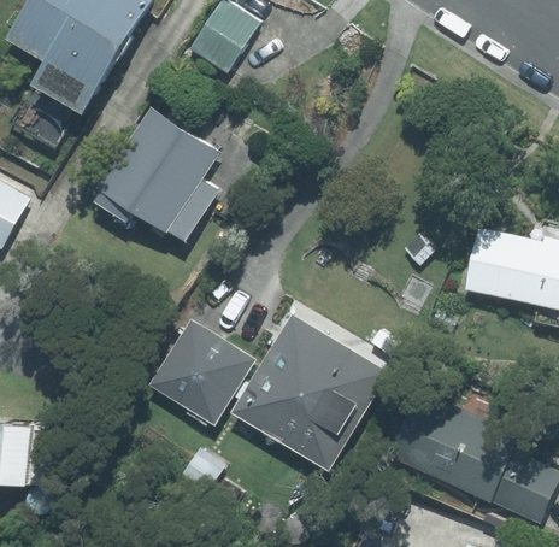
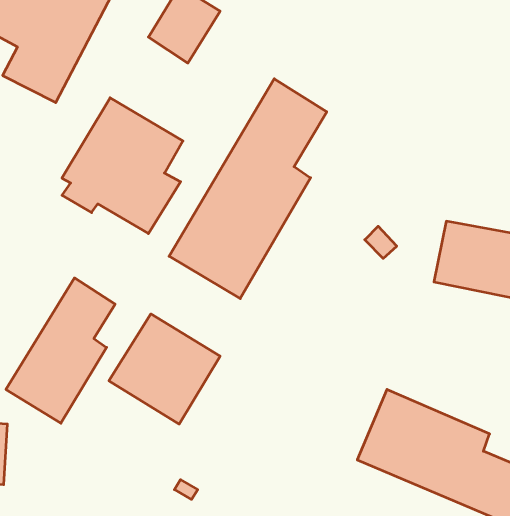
building: none -> [169,79,327,299]
building: none -> [6,278,115,423]
building: [234,314,389,467] -> none

